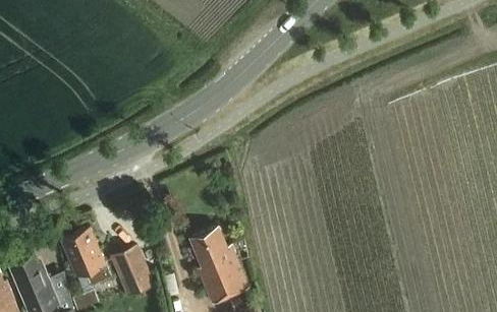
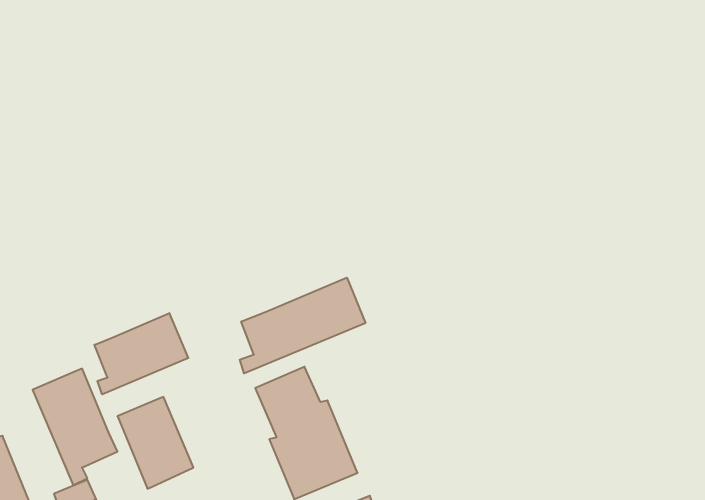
building: none -> [240,278,365,373]
building: none -> [94,313,188,394]

